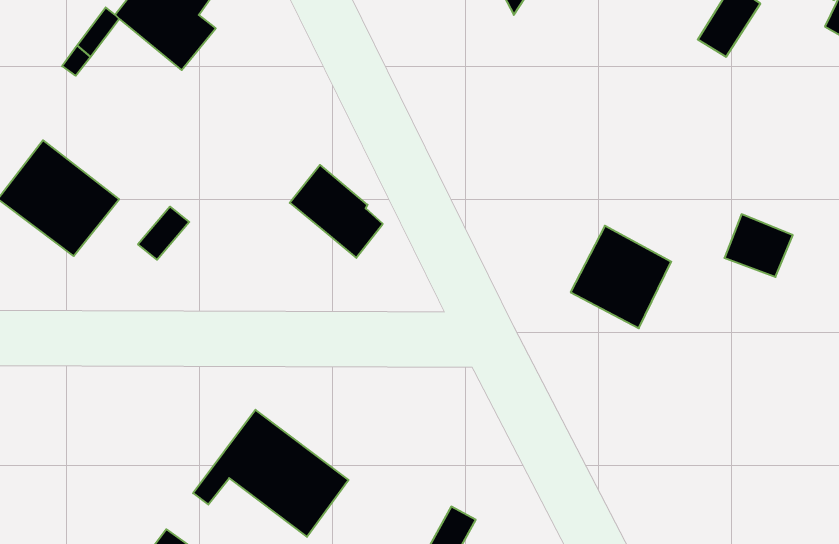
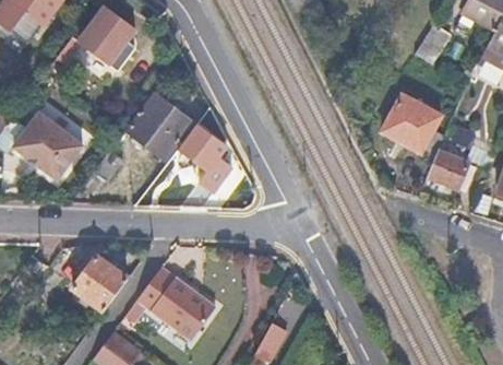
building: none -> [128,93,193,157]
building: [571,226,671,328] -> [382,93,440,152]
building: none -> [70,256,127,311]

